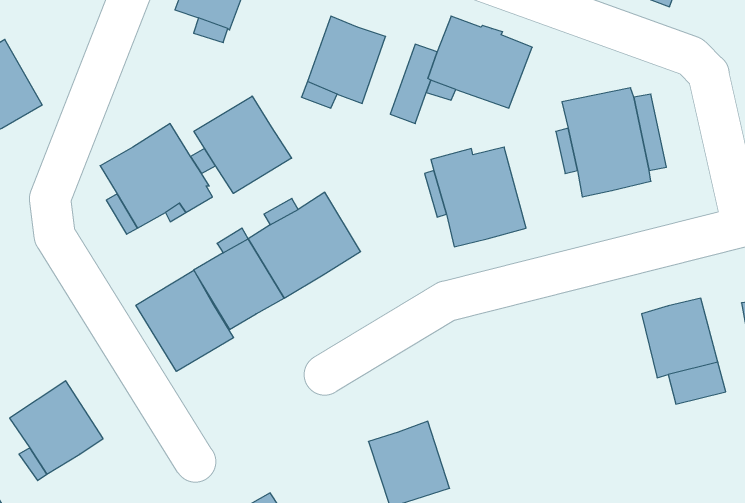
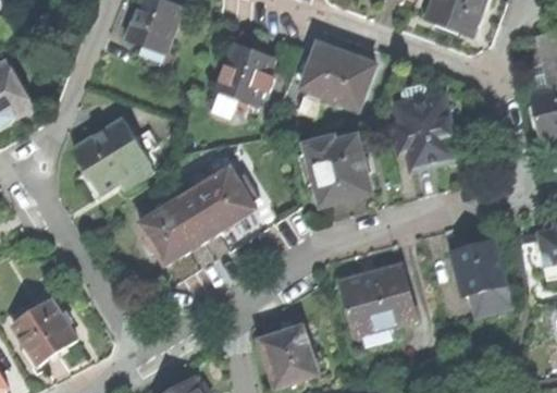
building: [194,96,292,193] -> none
building: [136,270,234,371] -> none
building: none -> [343,263,417,343]

